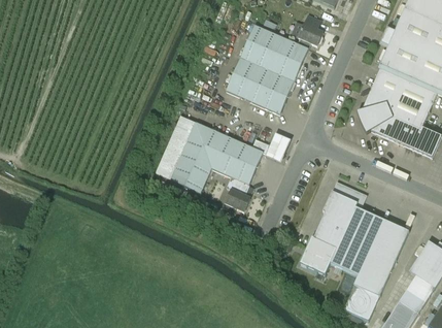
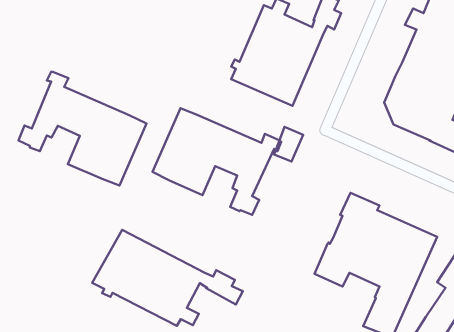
building: none -> [18,72,147,185]
building: none -> [92,230,243,326]

